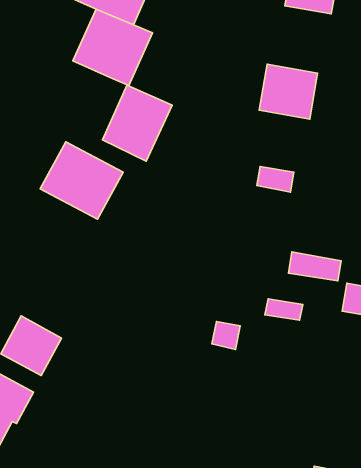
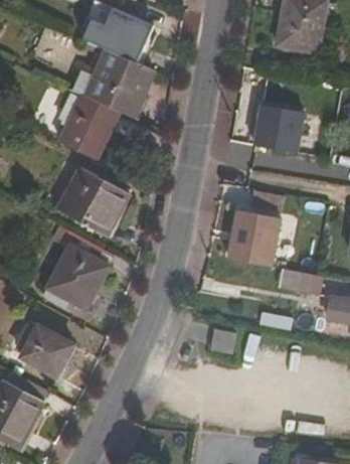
building: [102,85,172,161] -> [58,94,121,162]
building: none -> [228,210,280,266]
building: none -> [45,233,116,311]

